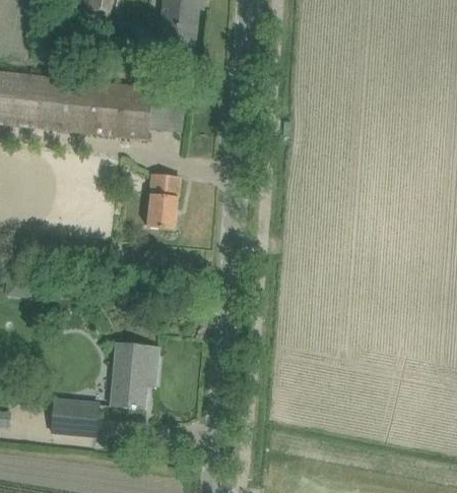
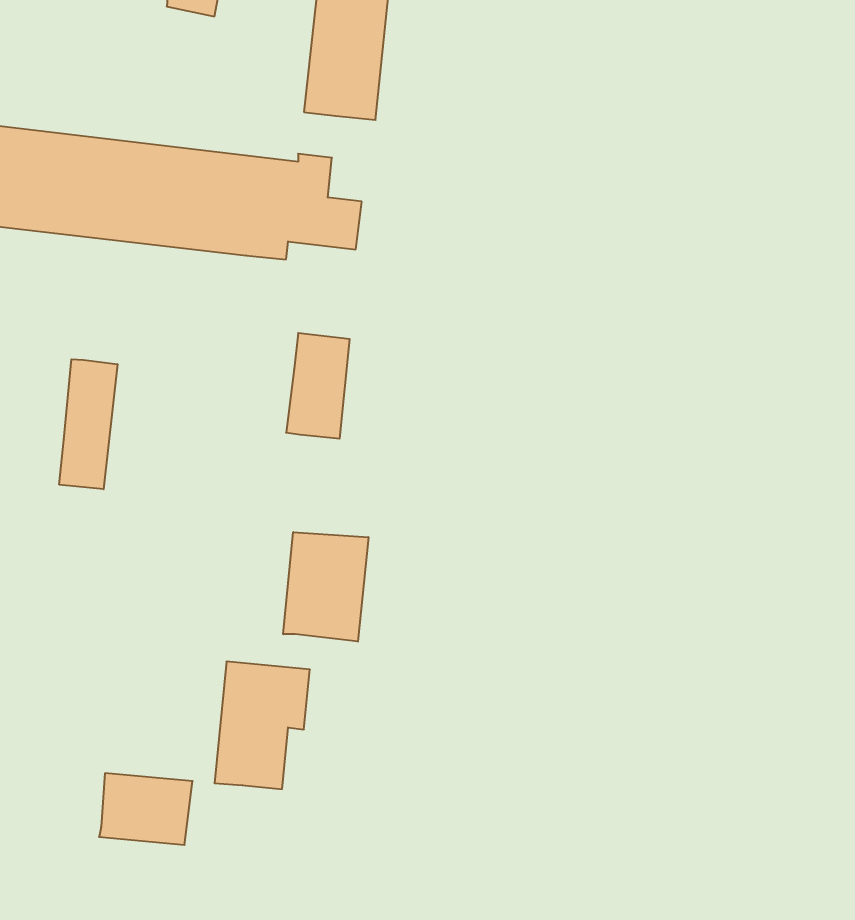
building: none -> [59,359,117,489]
building: none -> [283,532,368,642]

